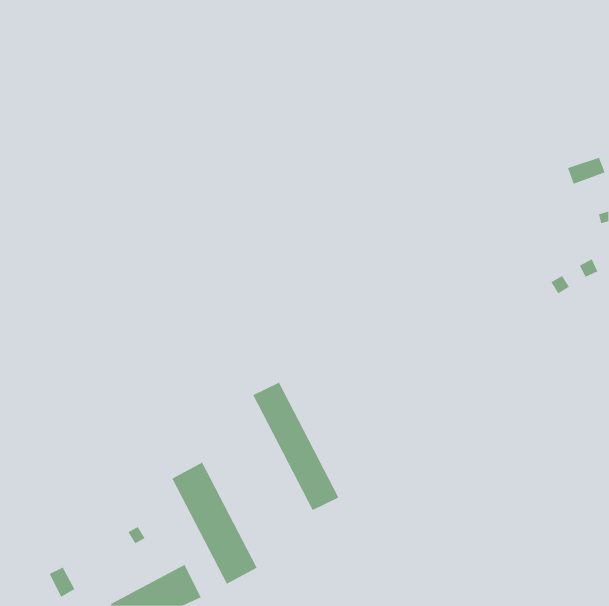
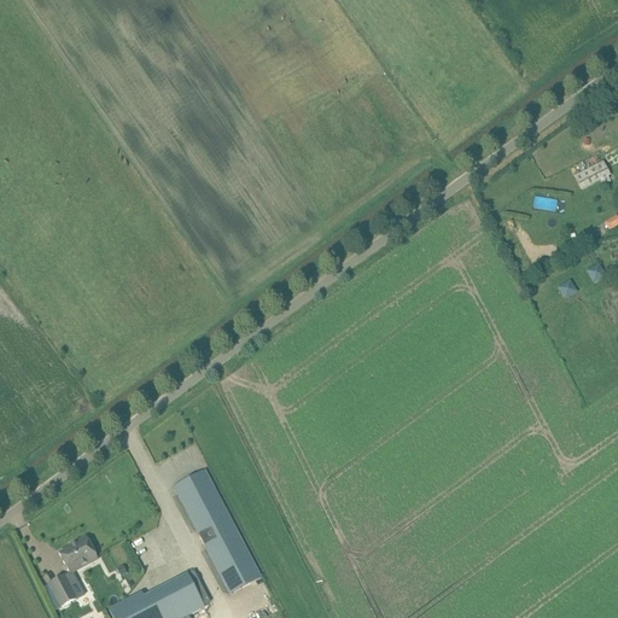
building: [253,382,339,511] -> none
building: none -> [59,535,98,572]

